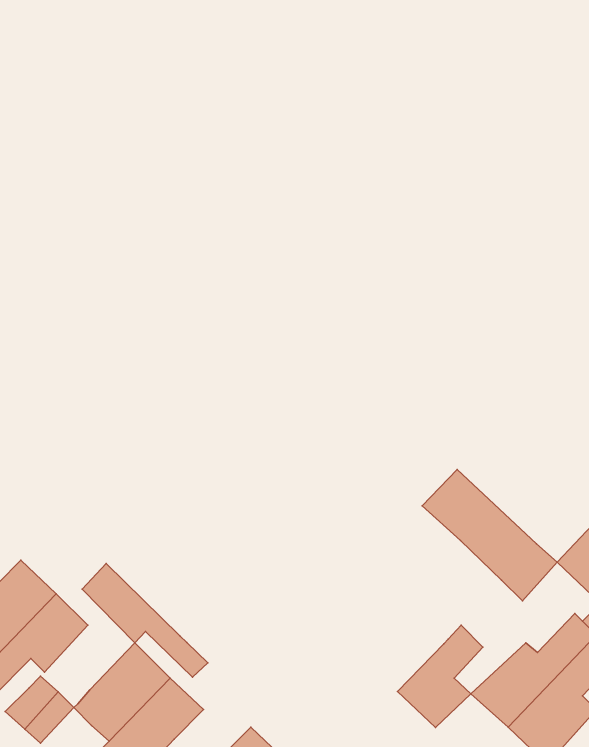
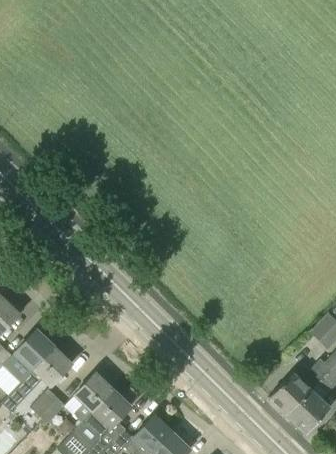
building: [422,469,557,601] -> none
building: [82,564,208,677] -> none
building: [397,625,483,727] -> none

